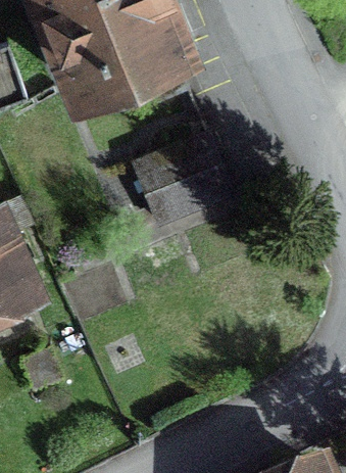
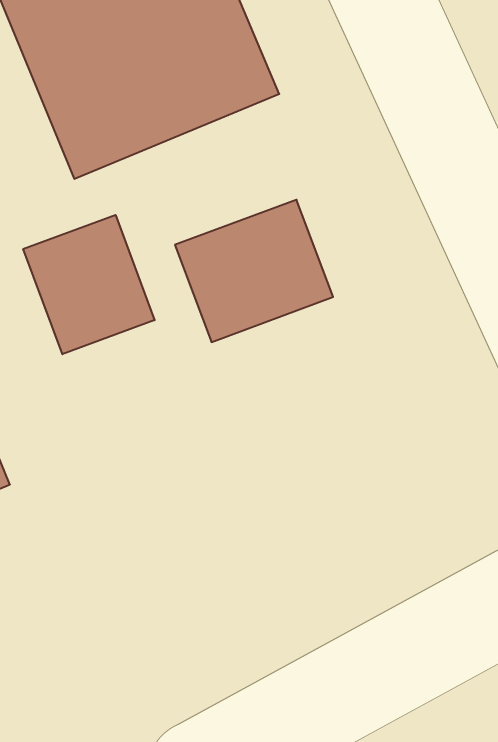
building: none -> [23,215,155,354]

